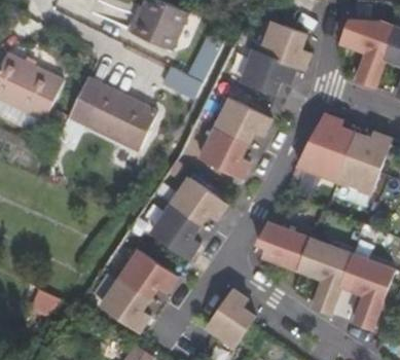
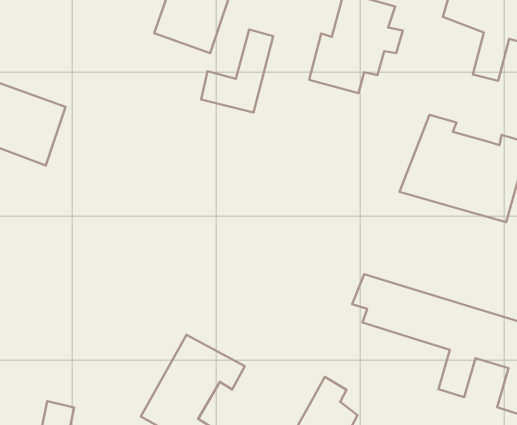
building: [70,79,159,154] -> none
building: [196,97,269,177] -> none
building: [150,178,225,259] -> none

